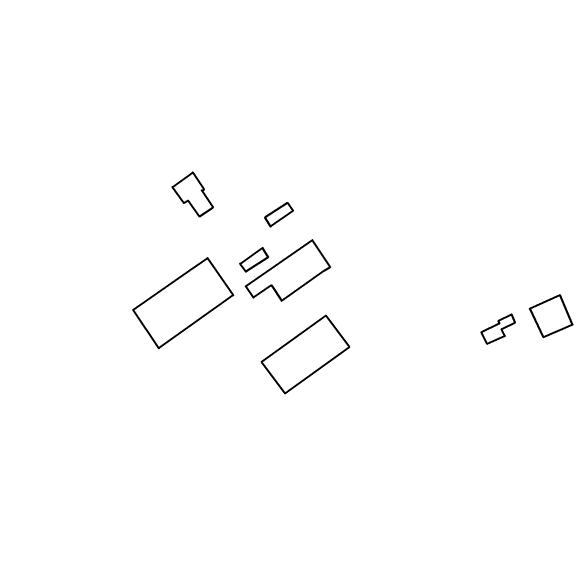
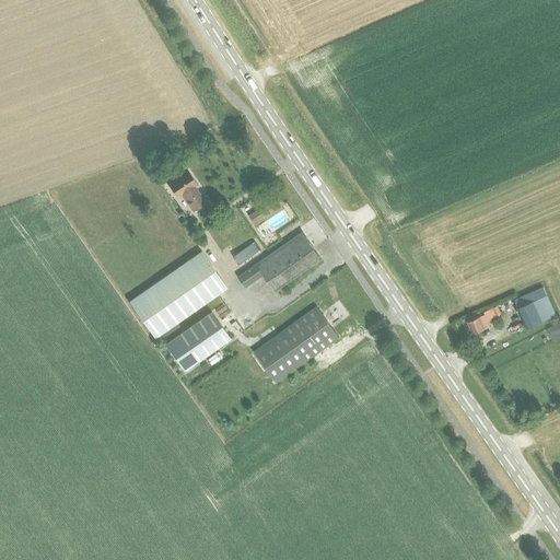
building: none -> [166,311,230,370]

